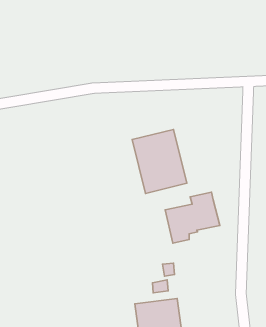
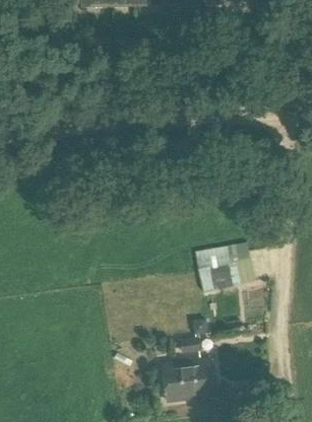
building: [132,129,187,193] -> none

